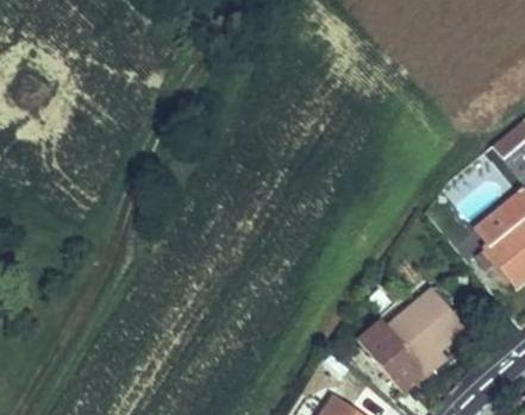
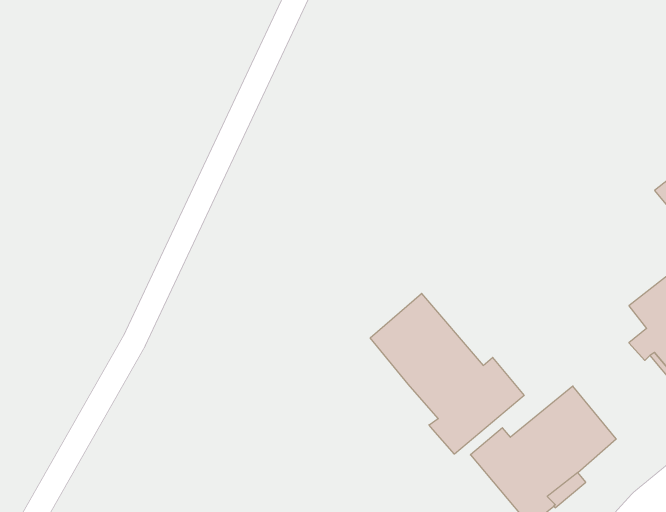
building: none -> [370,293,524,454]

